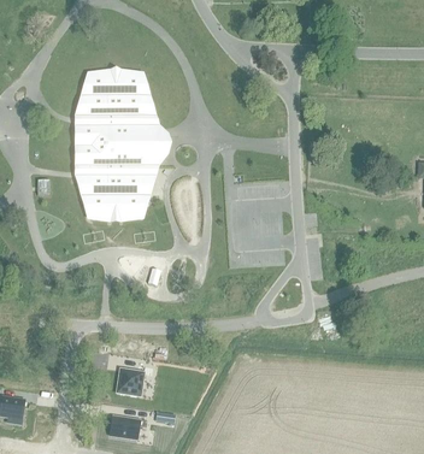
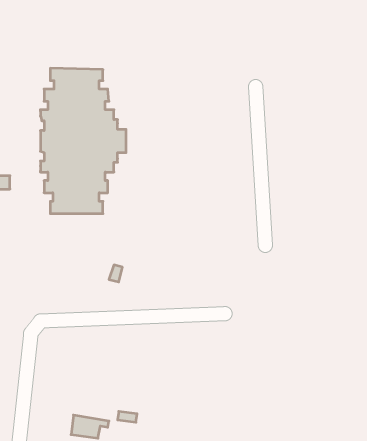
building: [114,366,142,394] -> none

